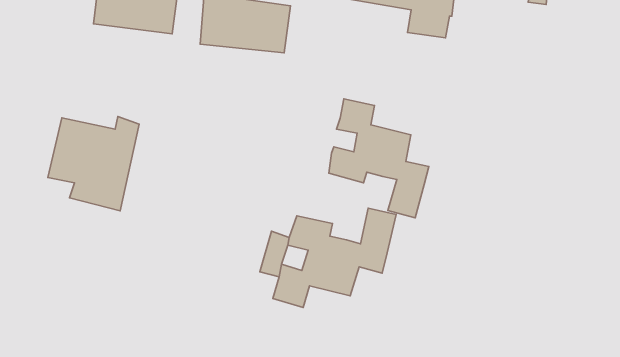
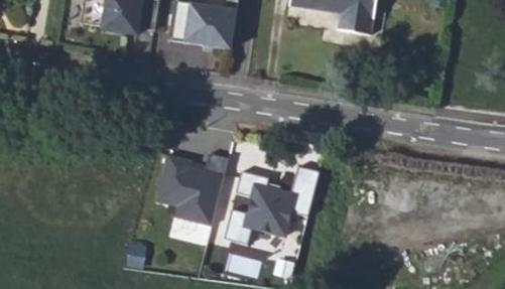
building: [329,99,429,218] -> none
building: [48,117,139,211] -> [155,151,228,226]

